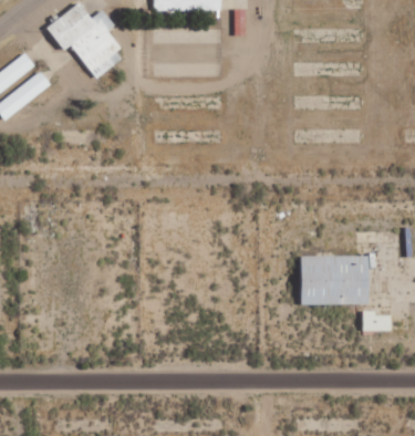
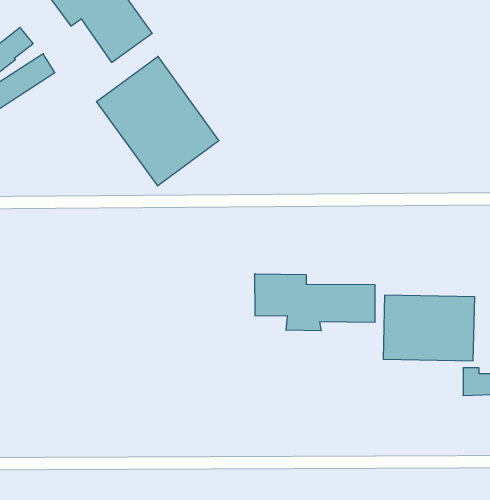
building: none -> [97,56,219,186]
building: none -> [255,274,375,331]

